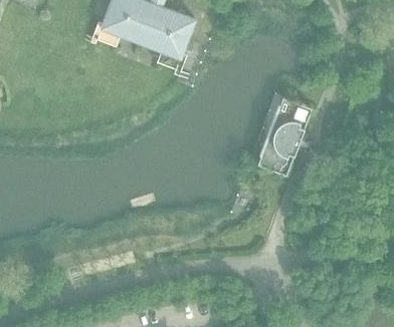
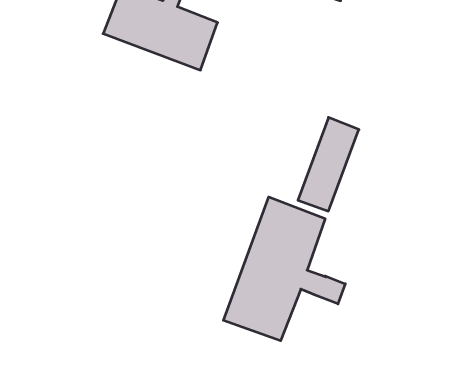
building: none -> [223,197,345,341]

